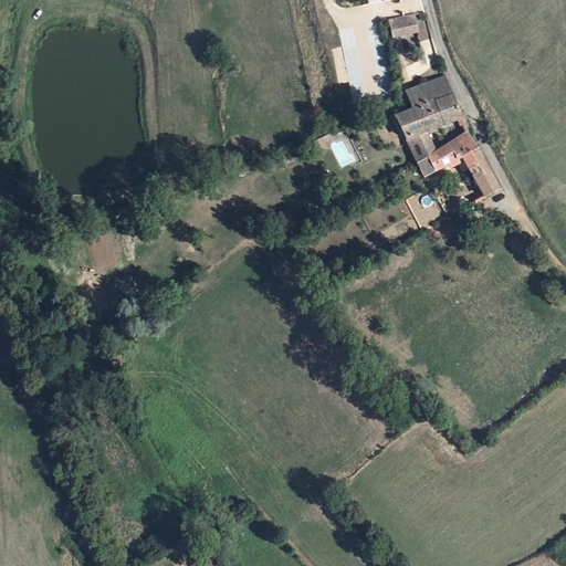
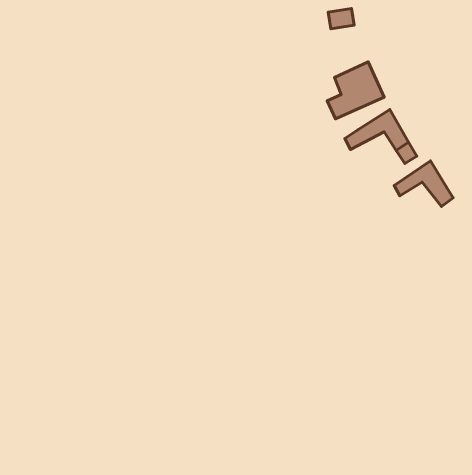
building: [403,133,430,164] -> none
building: none -> [394,161,453,206]

